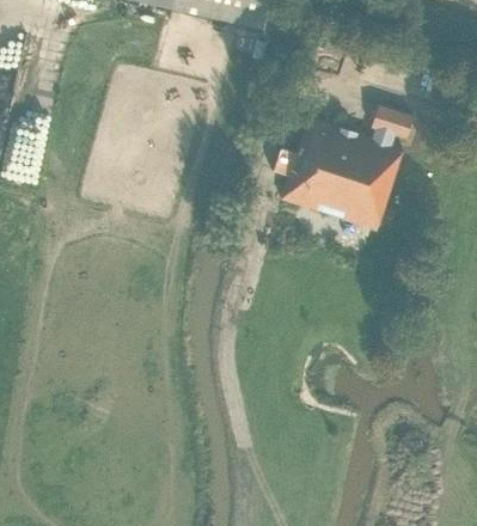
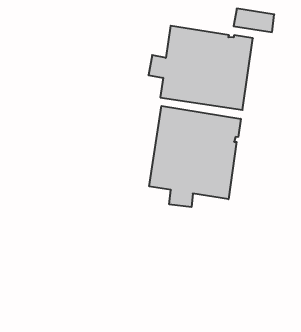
building: none -> [149,106,241,207]

